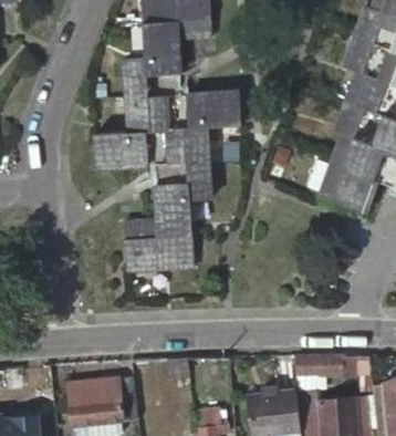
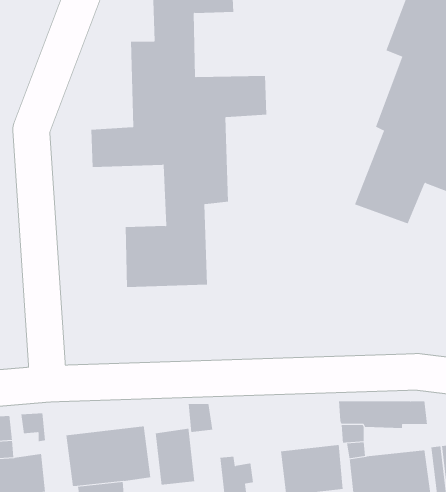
building: none -> [155,428,195,486]

